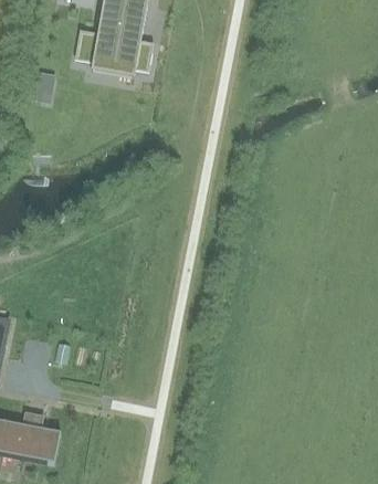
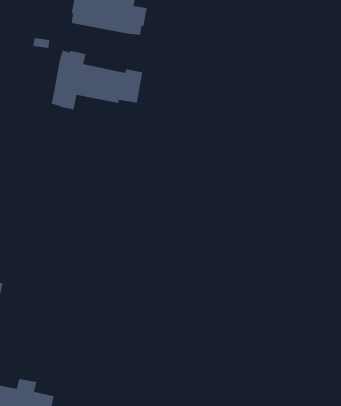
building: none -> [51,50,143,110]

